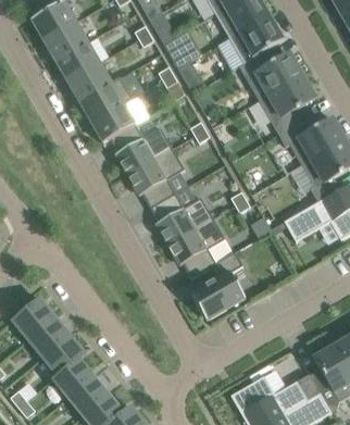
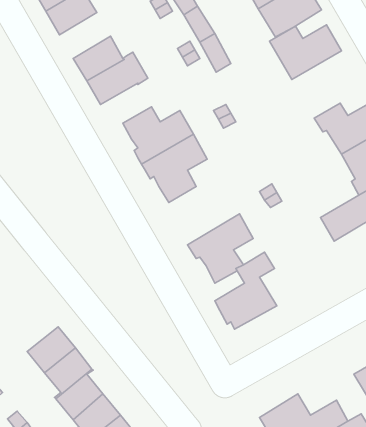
building: [55,41,100,82] -> none
building: [259,75,315,134] -> none
building: [91,103,136,142] -> none
building: [151,193,213,245] -> none
building: [12,298,54,338] -> none

